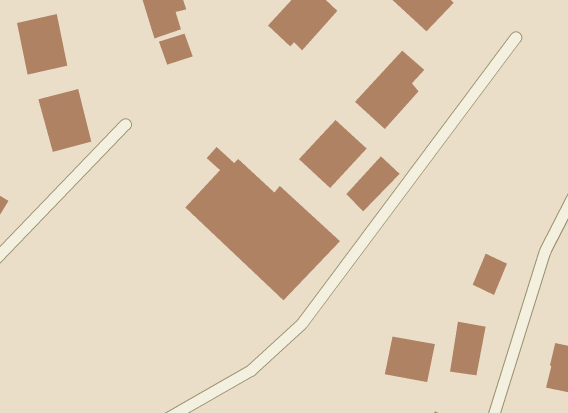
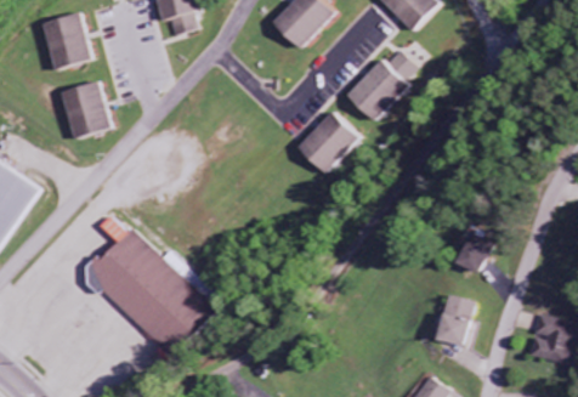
building: [158,33,193,65] -> none
building: [185,146,341,301] -> [78,215,220,356]
building: [345,155,400,212] -> none
building: [384,336,435,383] -> none

